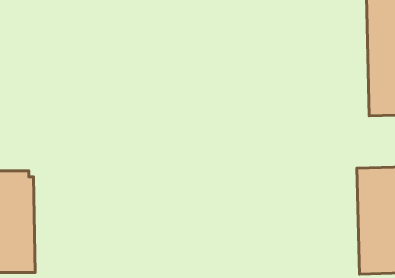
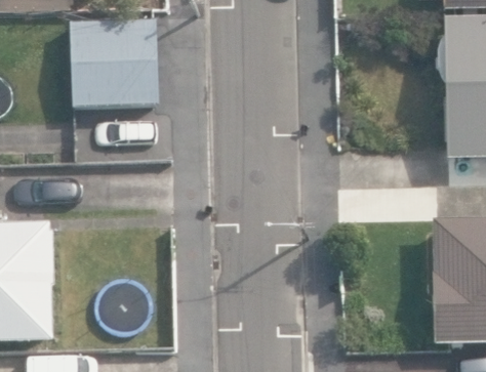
building: none -> [71,24,161,112]

